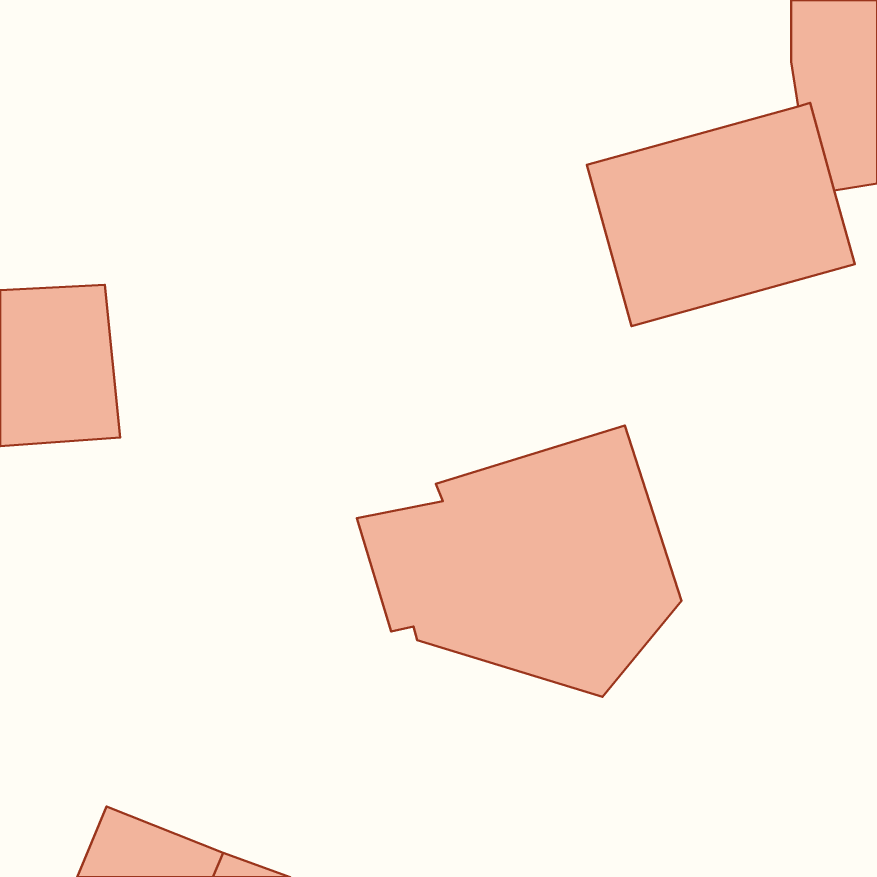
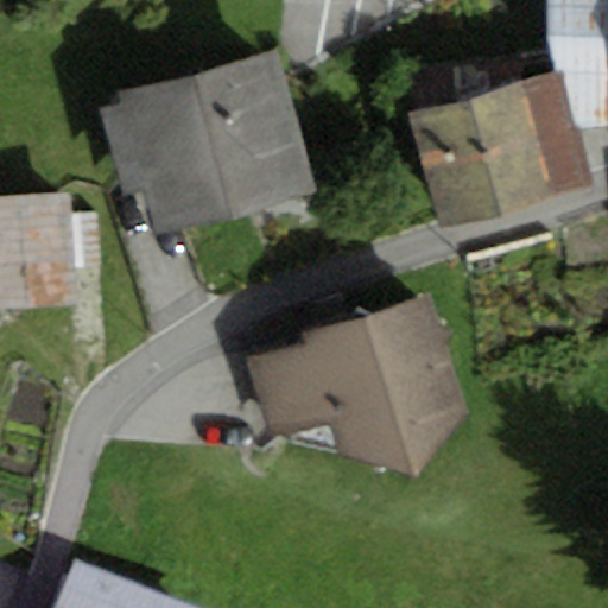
building: none -> [103,51,315,236]

